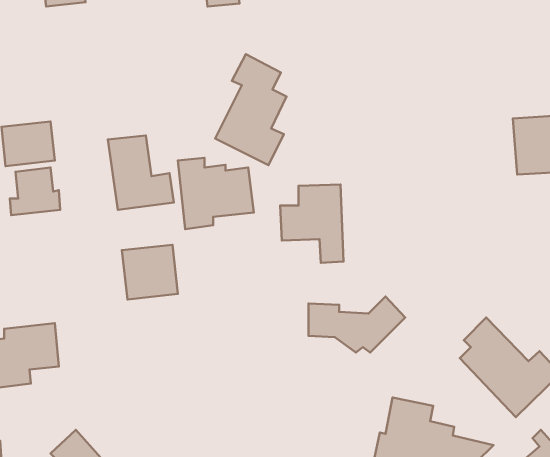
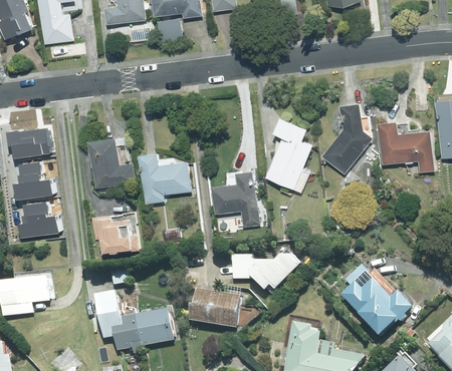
building: [215,54,287,165] -> [260,115,311,195]
building: none -> [320,105,371,174]
building: none -> [20,200,57,232]
building: none -> [92,292,177,353]
building: none -> [191,292,245,330]

